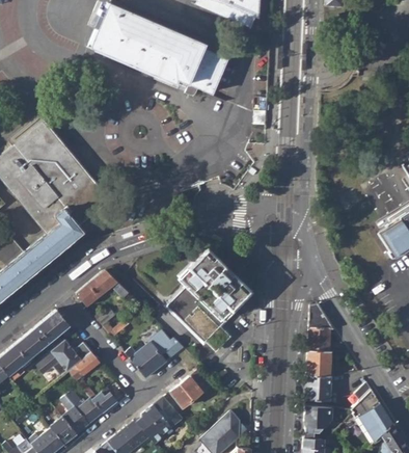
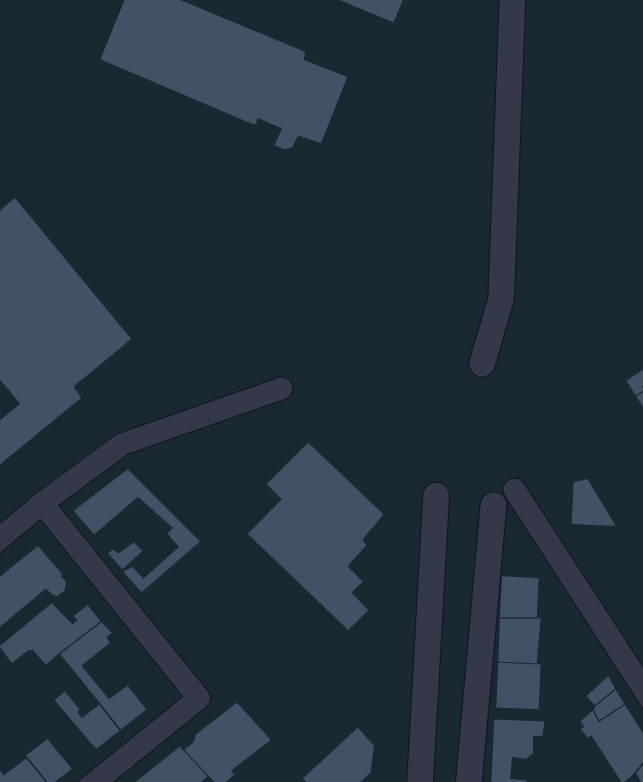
building: [308,303,333,329] -> [571,478,617,526]
building: [125,330,184,377] -> none
building: [170,370,210,407] -> none
building: [60,396,88,433] -> none

